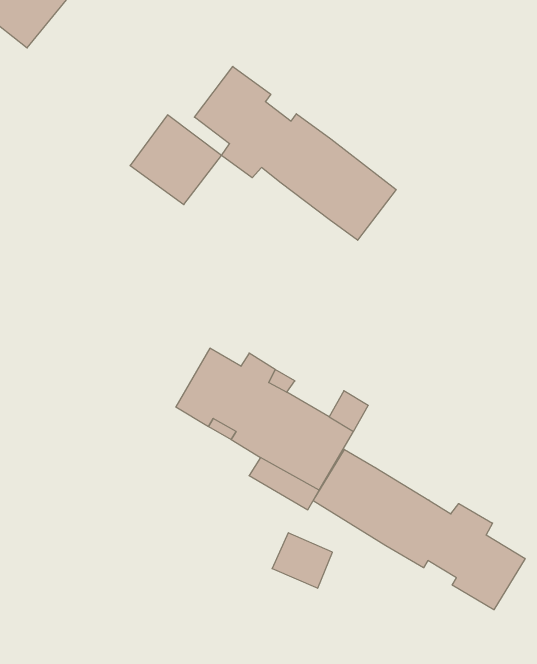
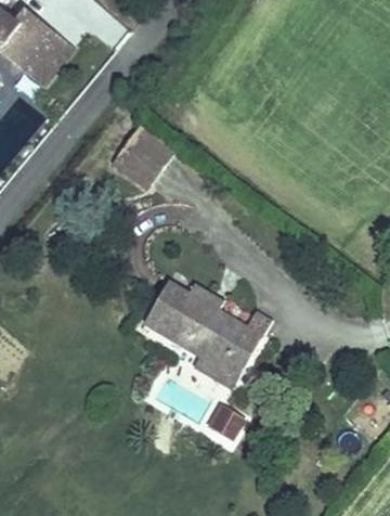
building: [194,66,396,240] -> none
building: [313,449,525,610] -> none

